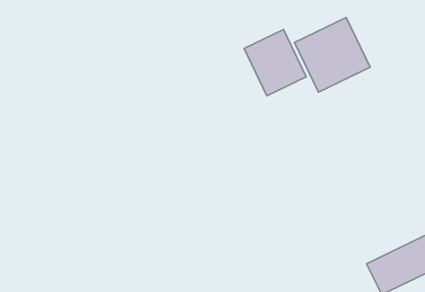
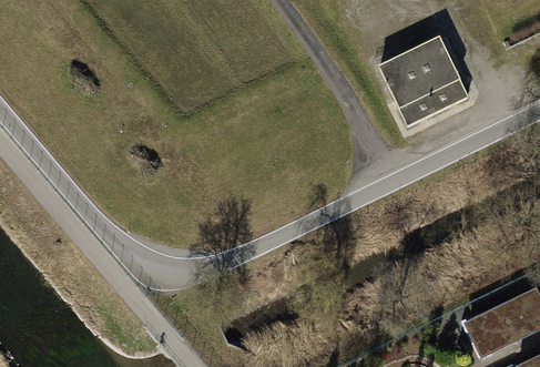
building: [244,30,306,96] -> none

